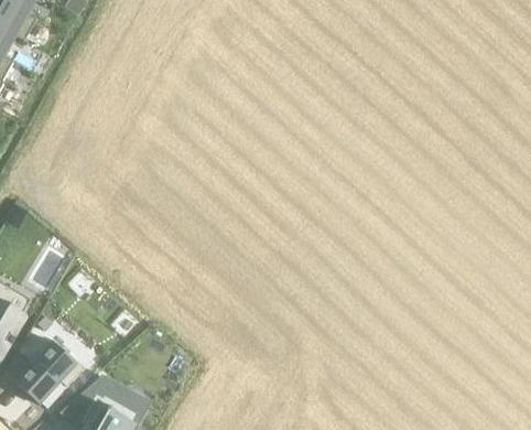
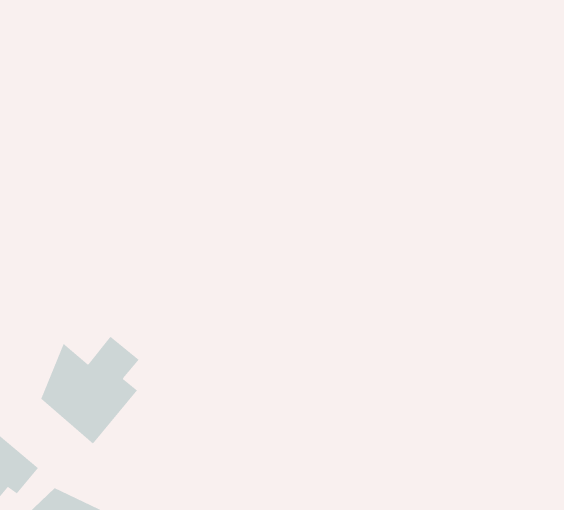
building: none -> [41,336,139,444]

